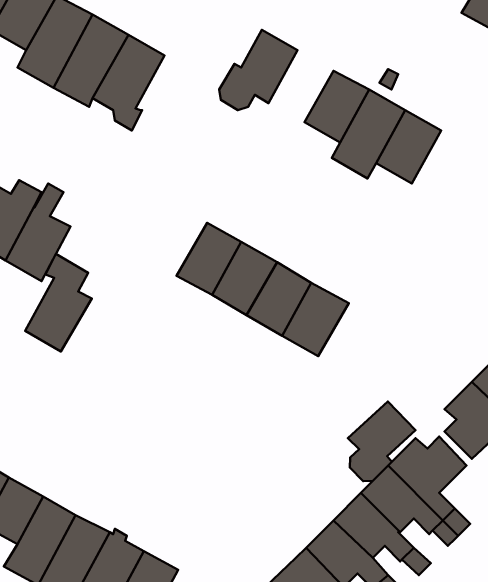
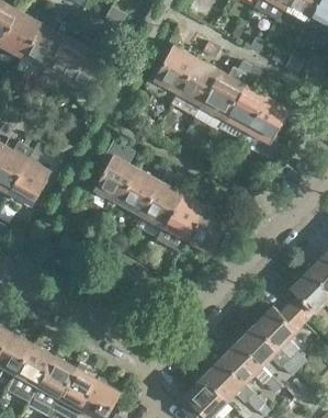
building: none -> [170,57,218,114]
building: [25,254,92,351] -> [94,139,137,202]
building: [348,402,415,481] -> none

